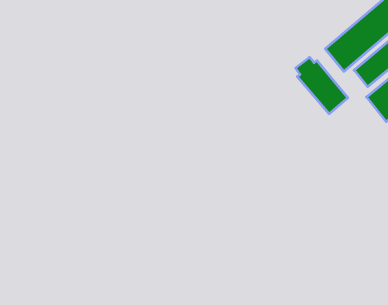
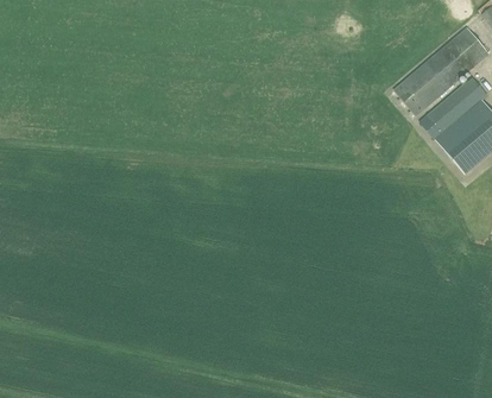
building: [296,57,348,114] -> none

